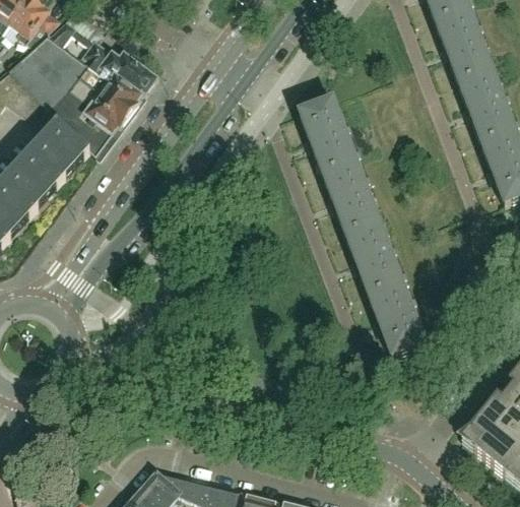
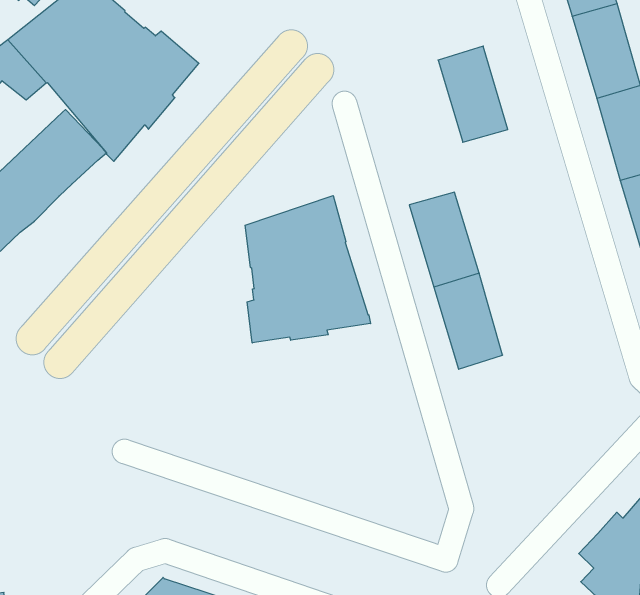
building: [299,98,355,172] -> [438,46,508,142]
building: none -> [245,196,371,343]
building: [369,280,425,355] -> none

